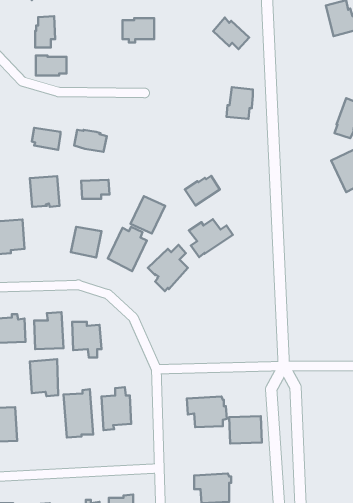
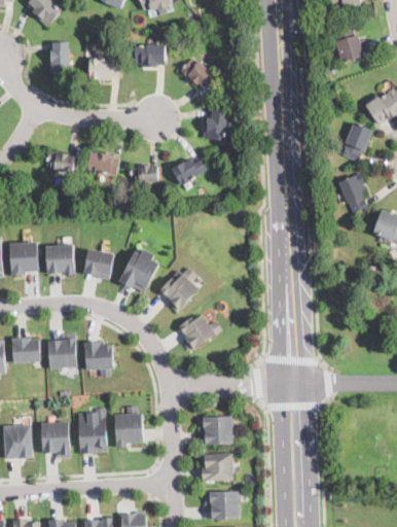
building: [213,18,249,49] -> [180,58,215,89]
building: [36,56,66,76] -> [88,59,118,78]
building: [226,87,253,119] -> [203,109,228,140]
building: [185,176,220,205] -> [172,156,206,185]
building: [30,176,59,207] -> [46,243,75,273]
building: [81,180,110,199] -> [130,167,157,185]
building: [131,196,165,233] -> none
building: [189,219,233,257] -> [179,314,222,351]
building: [30,359,58,396] -> [41,420,69,456]
building: [229,416,262,443] -> [202,453,233,480]

